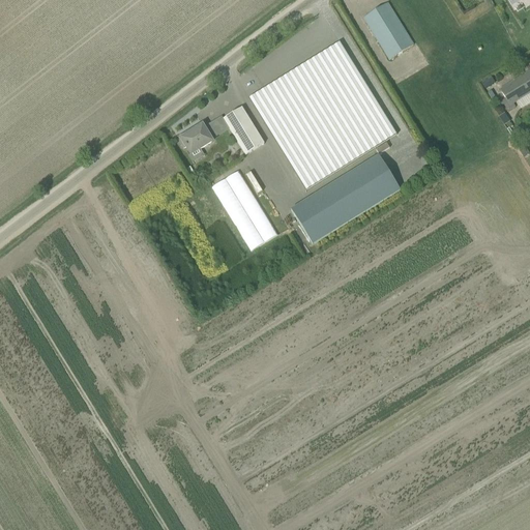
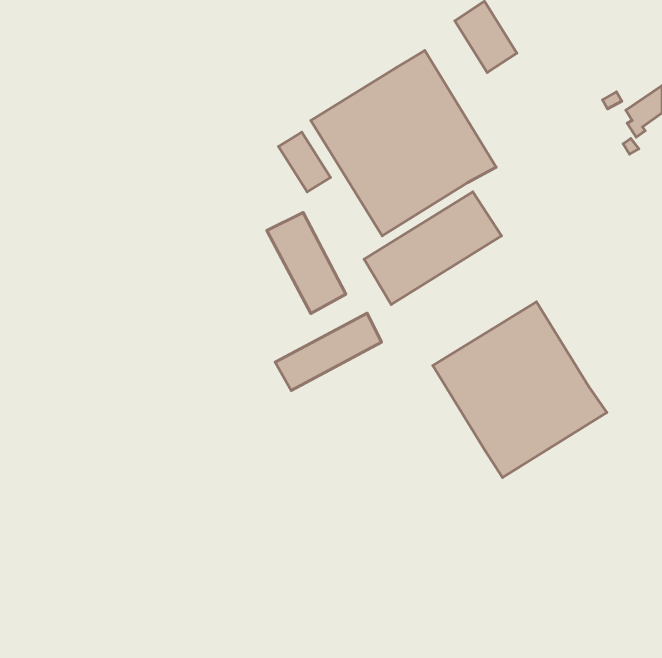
building: [177,123,213,160] -> none
building: none -> [433,302,607,478]
building: none -> [275,313,382,391]

